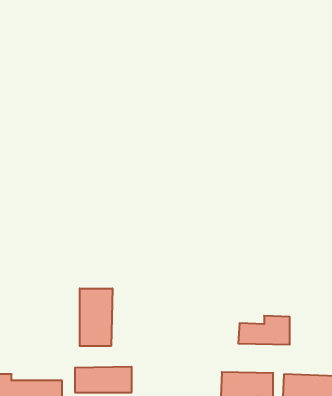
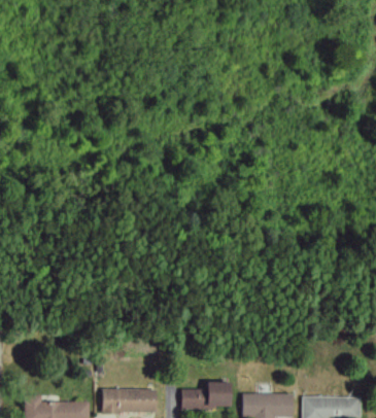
building: [80,288,112,346] -> none
building: [238,316,290,345] -> [181,381,231,409]

